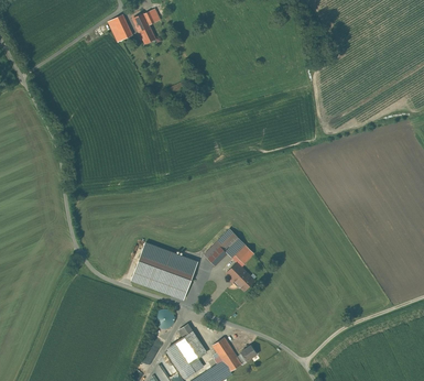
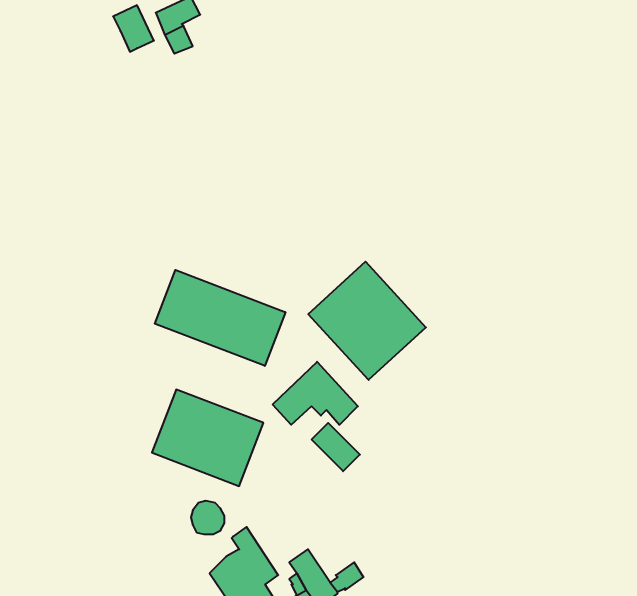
building: none -> [308,262,426,380]
building: none -> [155,270,285,366]

